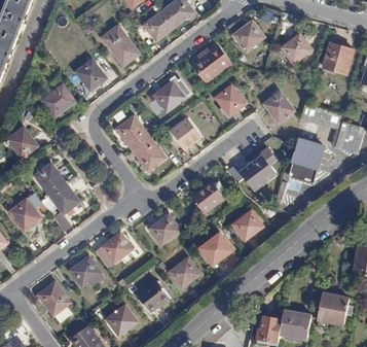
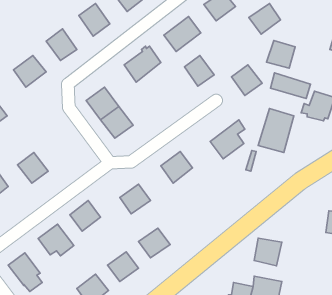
building: [323,44,352,72] -> [267,41,295,68]
building: [170,117,200,149] -> none
building: [33,164,63,196] -> none
building: [231,210,263,241] -> none
building: [199,235,231,266] -> none
building: [320,291,347,319] -> [254,238,282,266]

